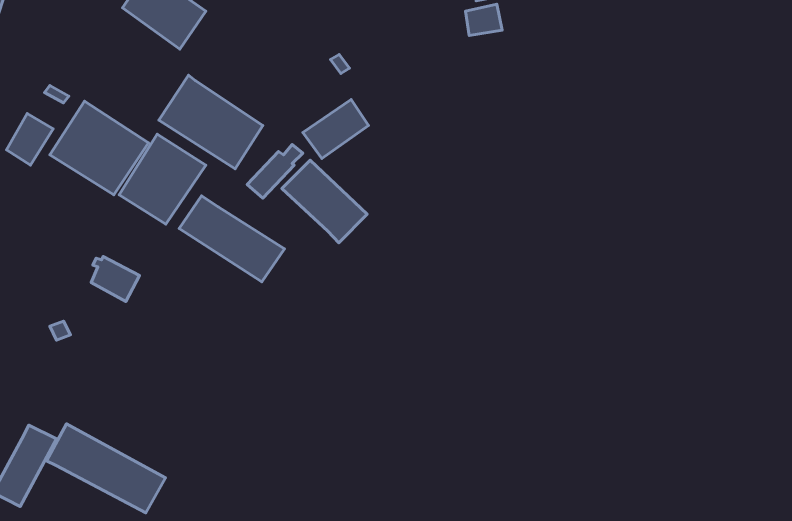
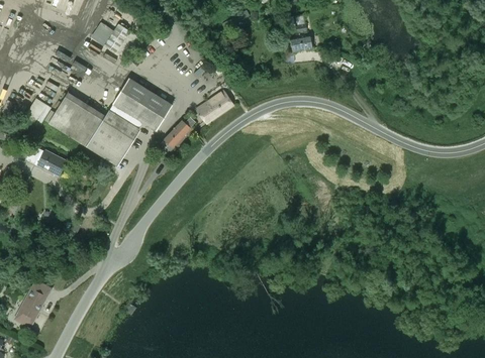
building: [282,160,367,243] -> none
building: [179,196,285,282] -> none
building: [91,256,140,301] -> [37,150,66,176]
building: [47,424,165,513] -> none

